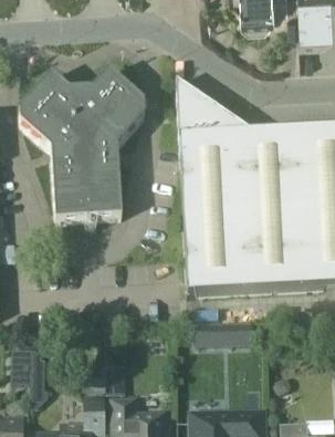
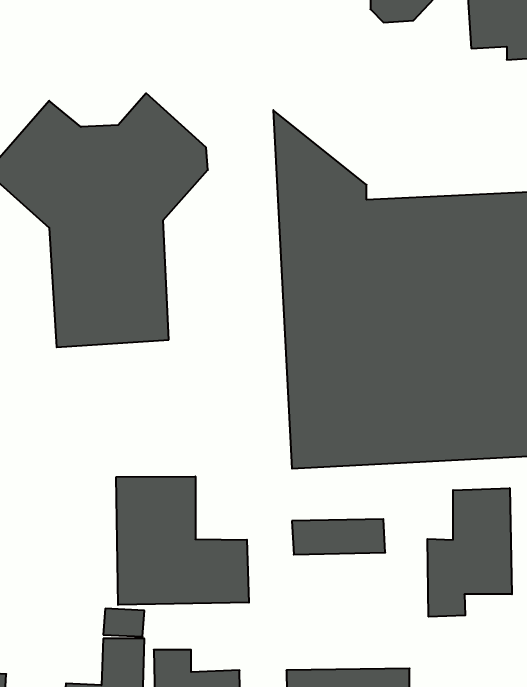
building: none -> [116,476,249,605]
building: none -> [427,488,512,617]

